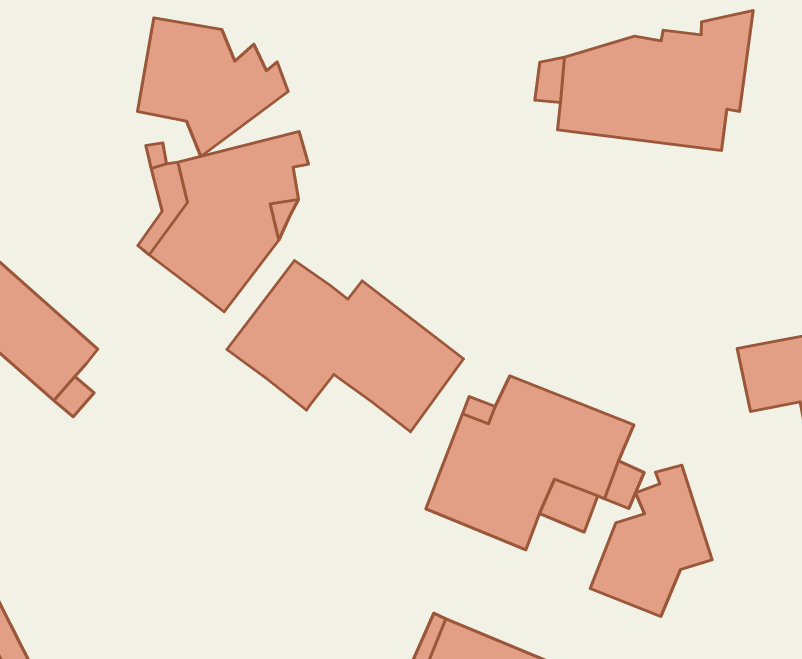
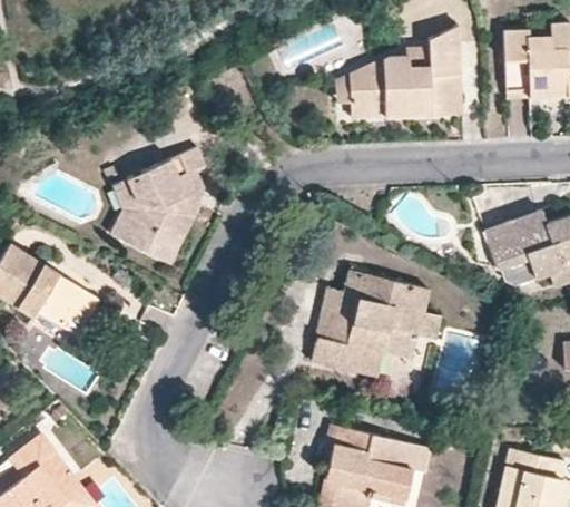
building: [138,18,288,156] -> none
building: [227,261,464,432] -> none
building: [590,465,712,616] -> none

